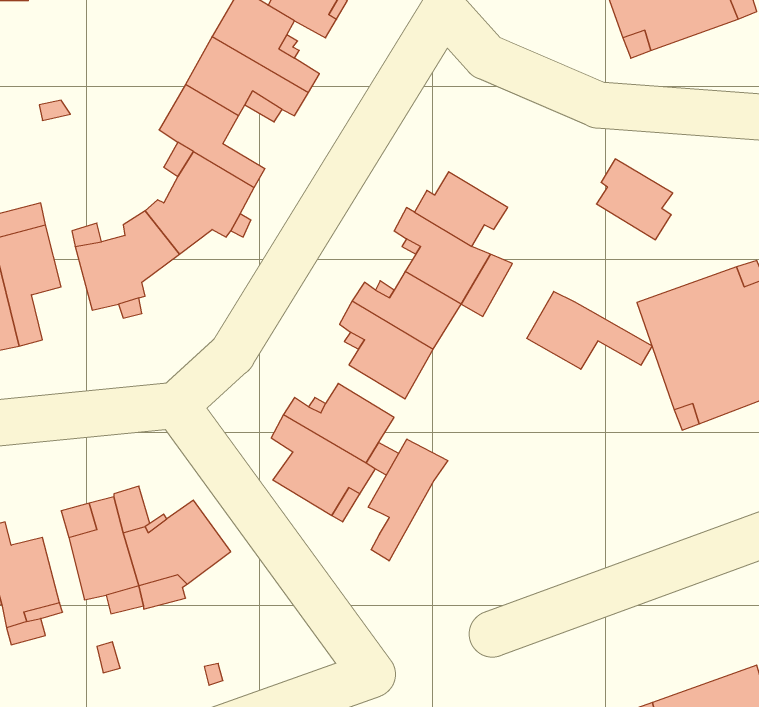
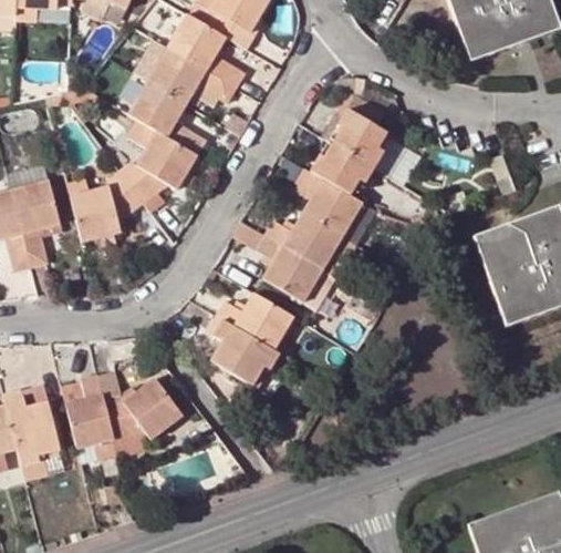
building: [596,159,673,240] -> [335,110,389,167]
building: [527,291,652,369] -> none
building: [368,439,448,561] -> none

